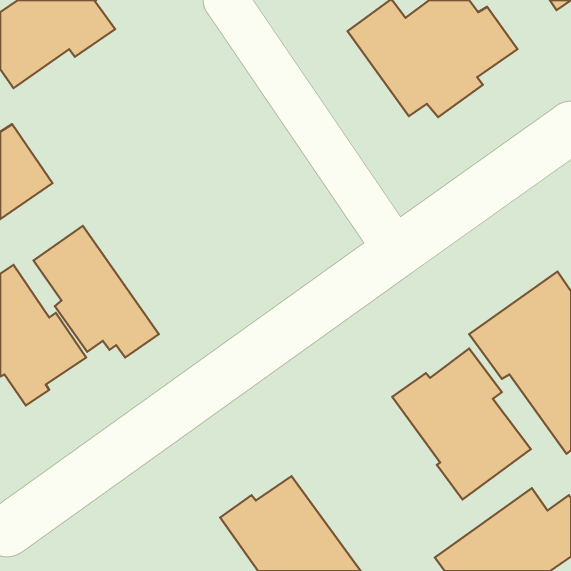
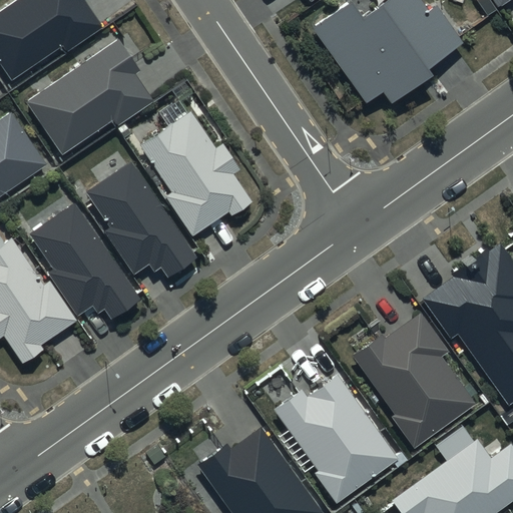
building: none -> [28,40,154,154]
building: none -> [139,109,253,236]
building: none -> [86,160,198,279]
building: none -> [274,376,399,504]

